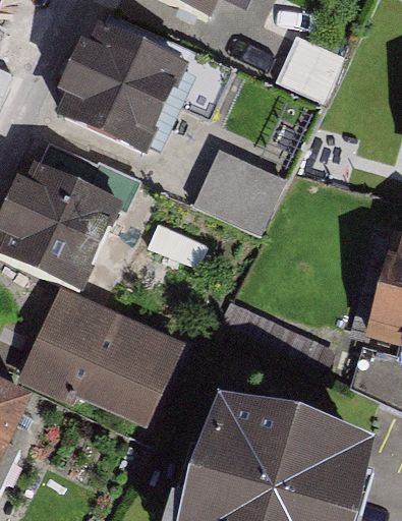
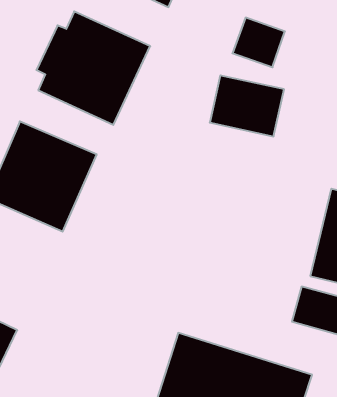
building: [196,153,283,224] -> [210,75,284,136]
building: [27,293,186,428] -> none

